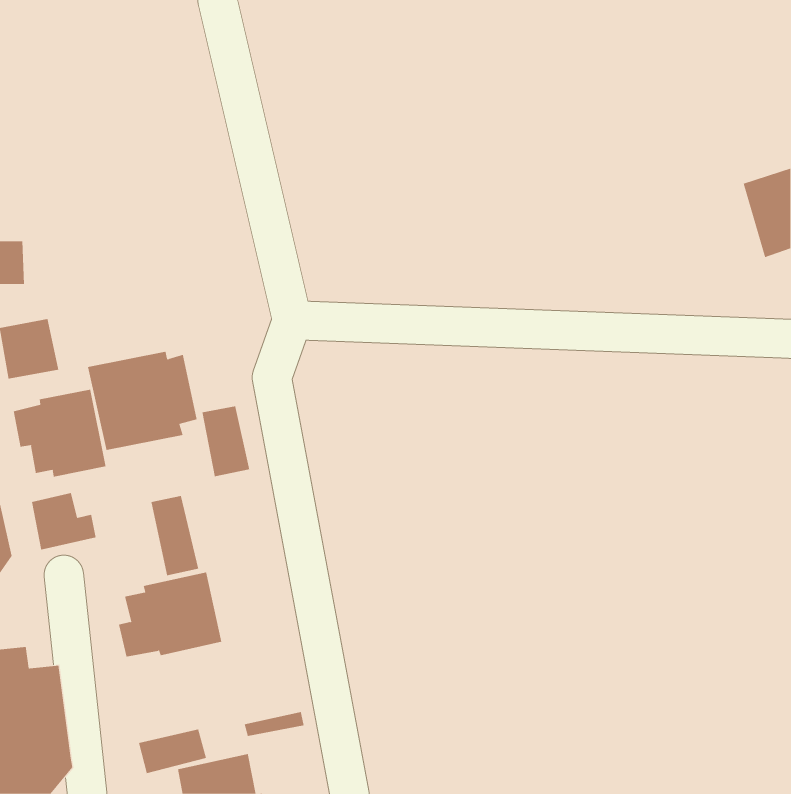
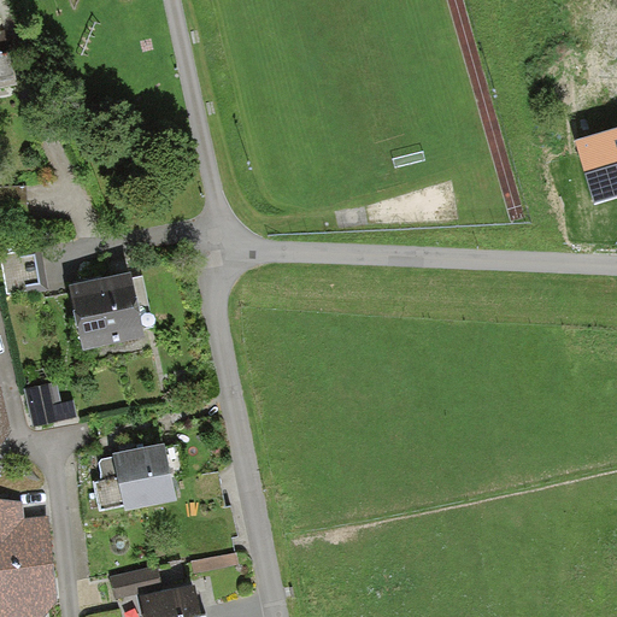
building: [13,389,106,478] -> none
building: [202,406,250,477] -> none
building: [151,495,199,576] -> none

